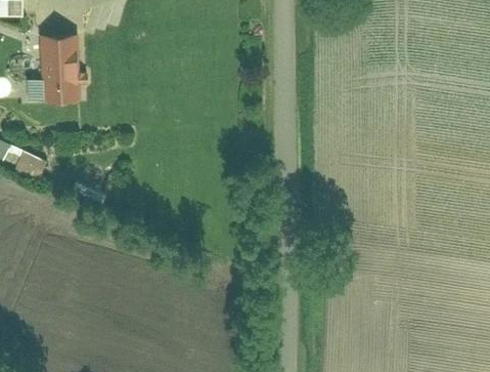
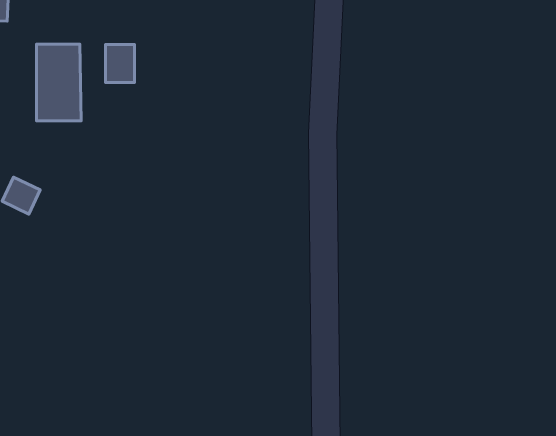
building: none -> [105,44,135,83]

